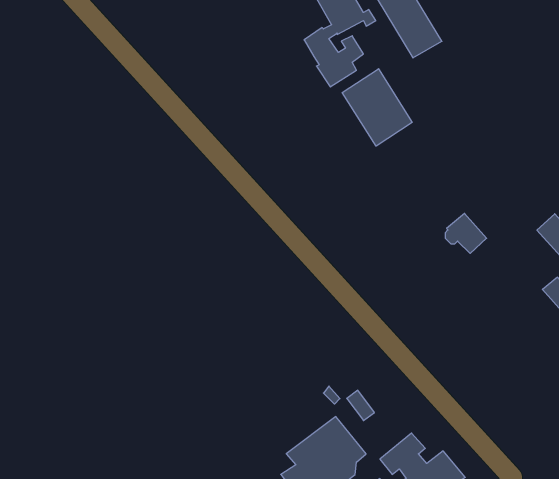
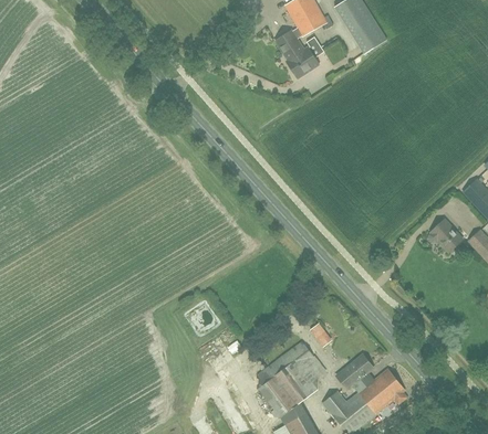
building: [342,69,412,146] -> none
building: [445,213,487,253] -> [428,218,461,250]

